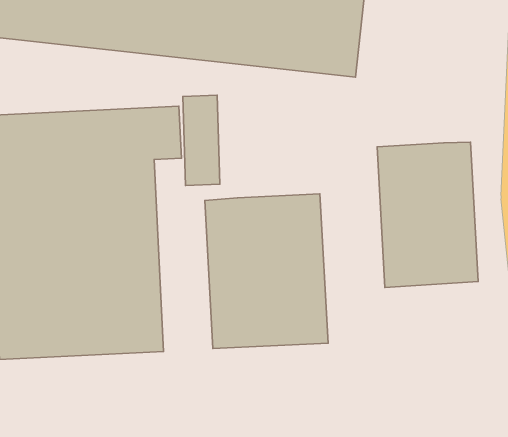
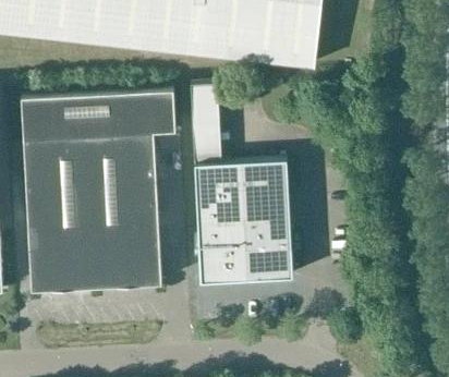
building: [377,142,478,287] -> none

